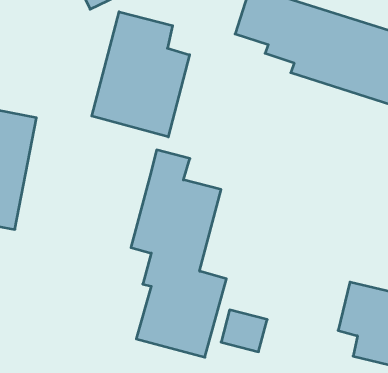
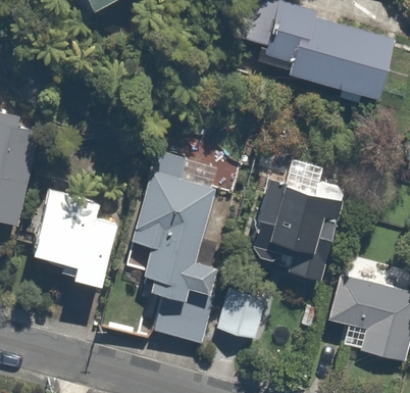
building: [92,12,190,137] -> none
building: none -> [247,158,351,283]
building: none -> [30,185,122,288]

